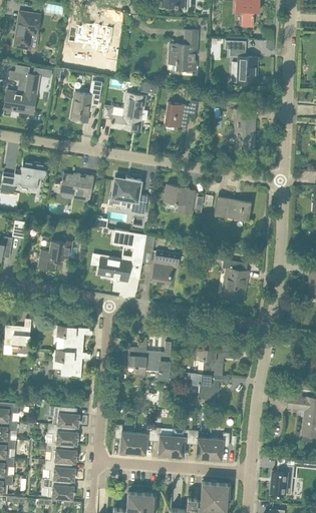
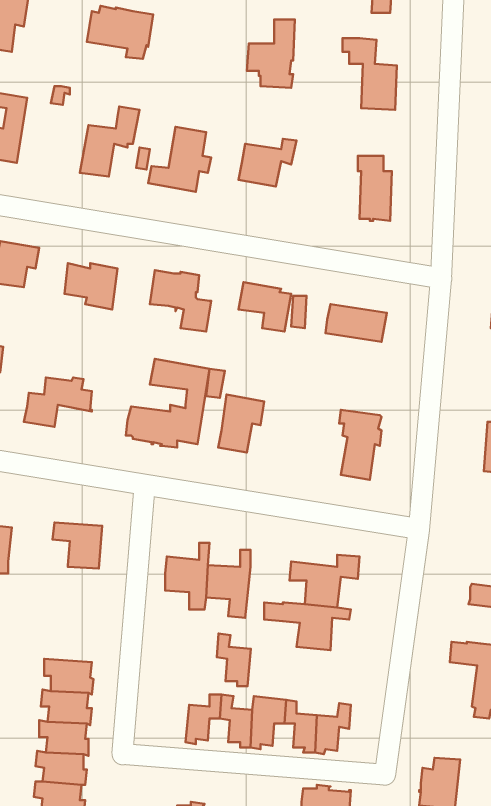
building: [52,351,90,378] -> none
building: [114,424,134,455] -> [217,633,251,686]

